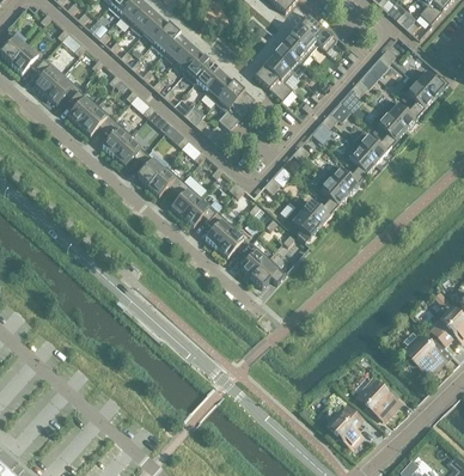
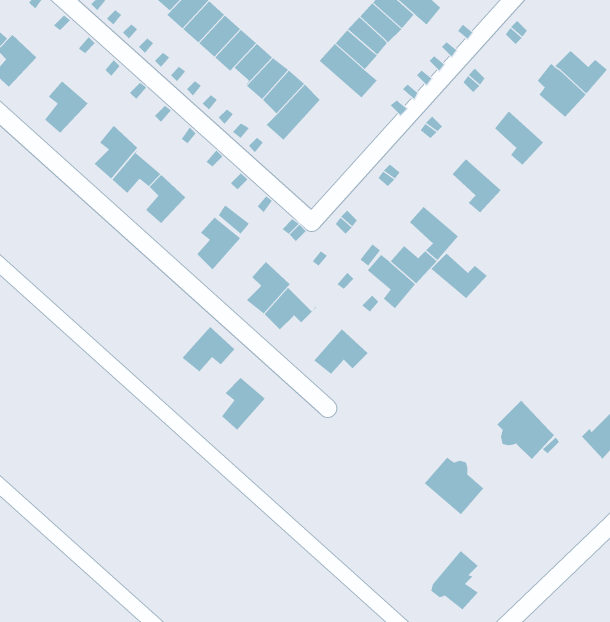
building: [44,72,80,103] -> none
building: [381,97,420,129] -> none
building: [79,103,115,134] -> none
building: [353,129,391,161] -> none
building: [324,161,362,193] -> [431,253,487,299]
building: [147,164,183,195] -> none
building: [182,194,218,225] -> [182,326,235,372]
building: [239,240,269,276] -> [221,377,265,430]
building: [404,332,444,373] -> [497,400,555,460]
building: [358,378,398,417] -> [424,457,484,515]

